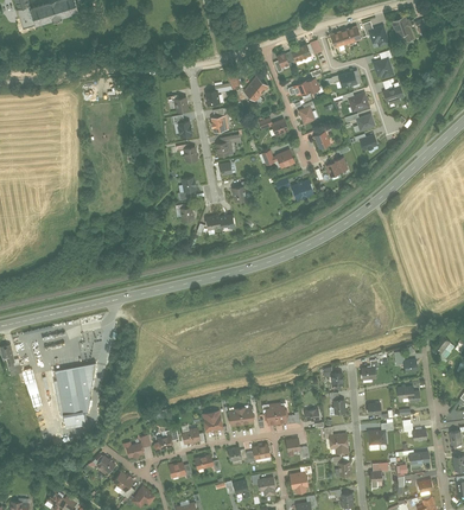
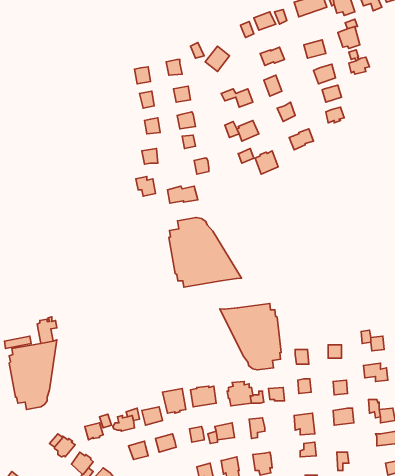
building: none -> [169,218,241,287]
building: none -> [220,304,281,370]

